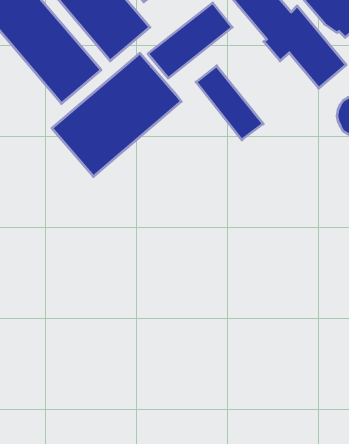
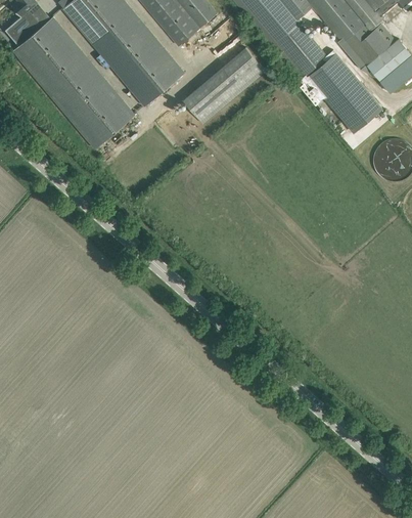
building: [52,53,181,177] -> none
building: [196,66,263,140] -> none

